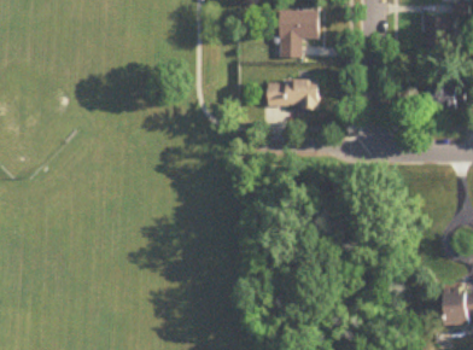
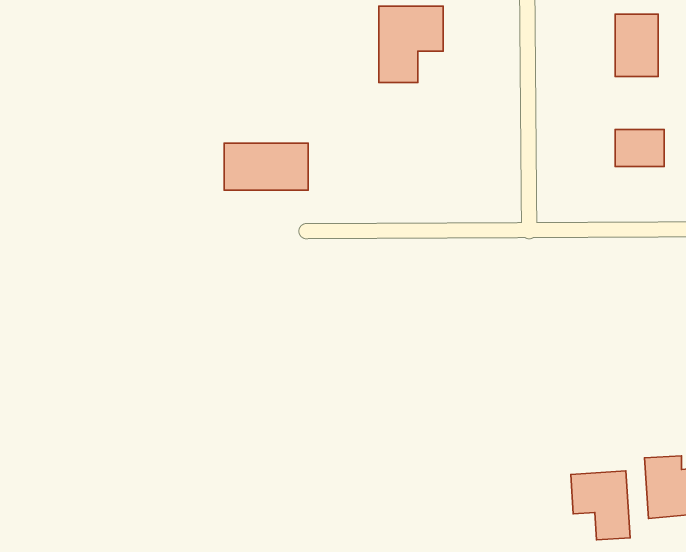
building: [264,78,316,107] -> [224,143,308,190]
building: none -> [571,471,630,540]

